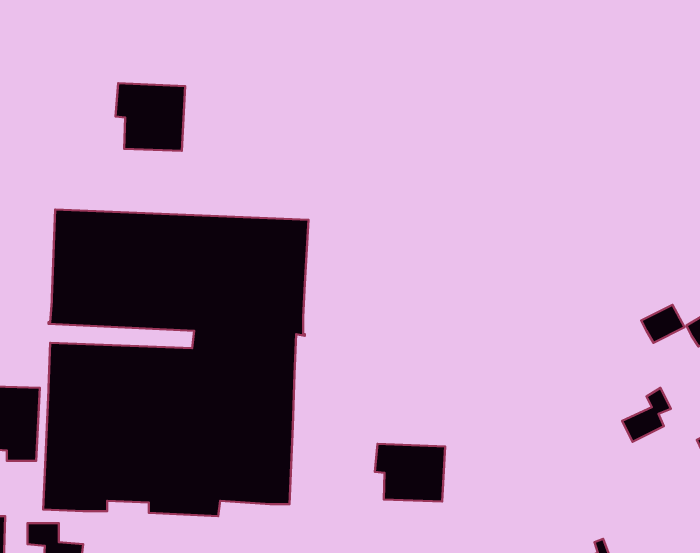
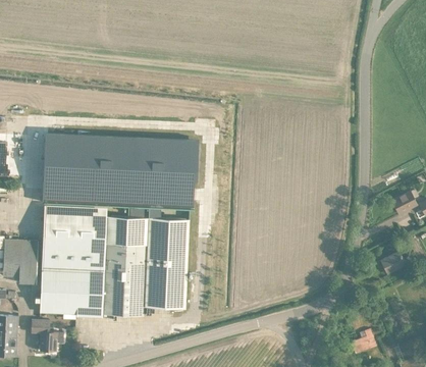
building: [116,83,185,151] -> none
building: [375,444,445,501] -> none

